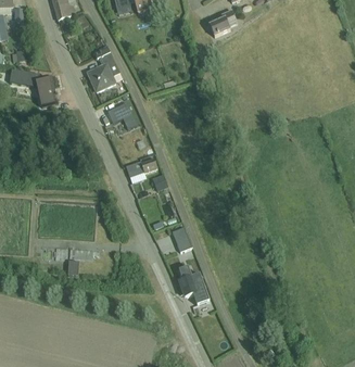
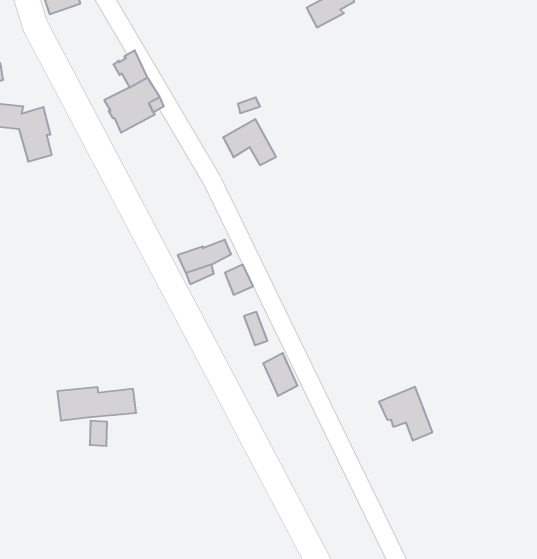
building: [106,102,137,129] -> [223,119,276,165]
building: [178,274,208,305] -> [379,387,432,441]

